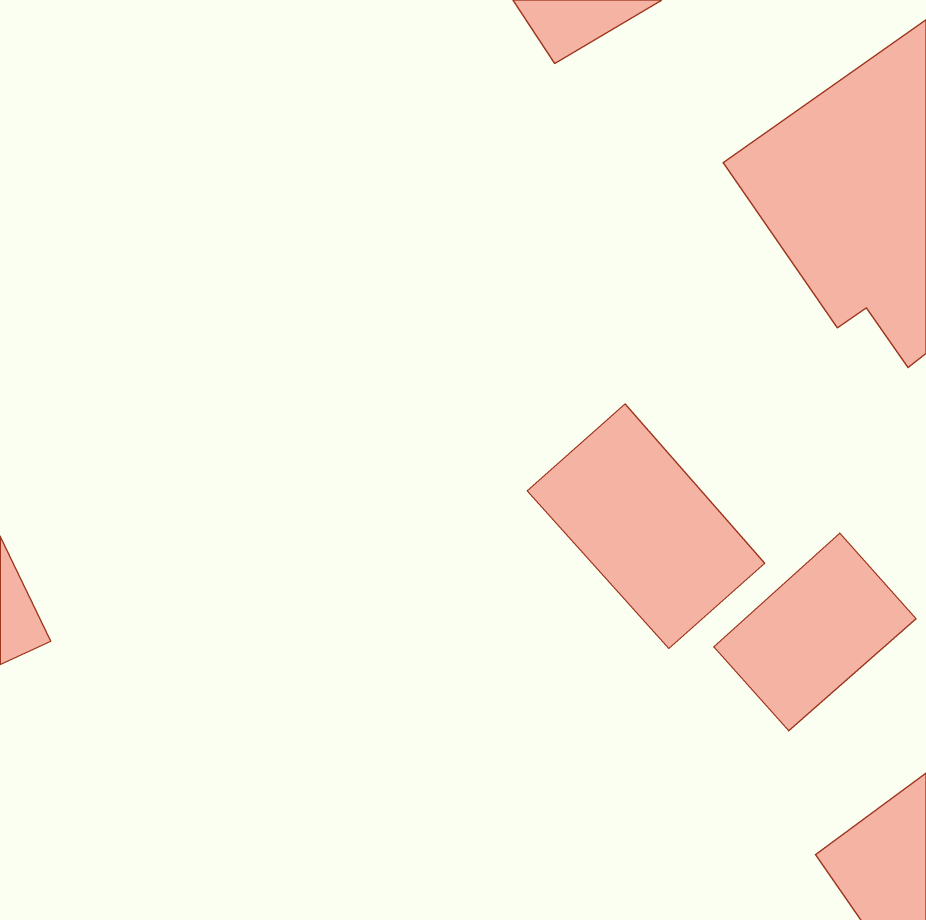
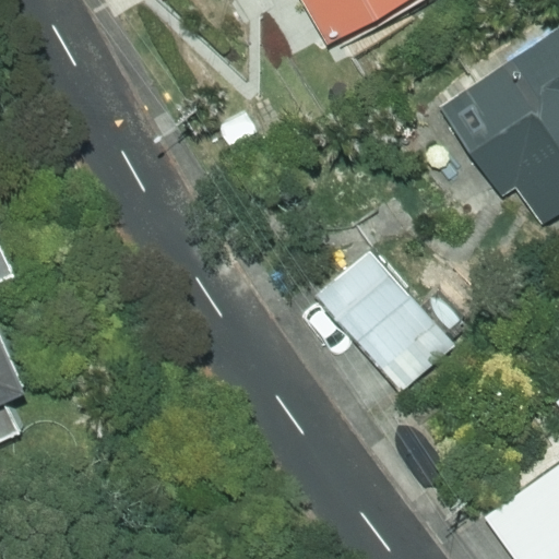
building: [714,533,916,731] -> none

